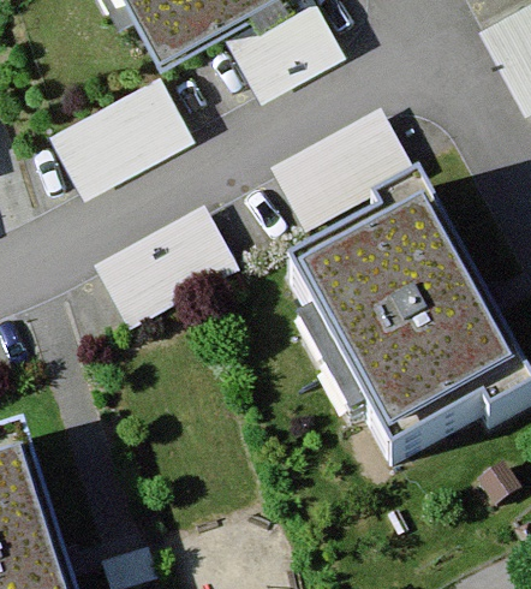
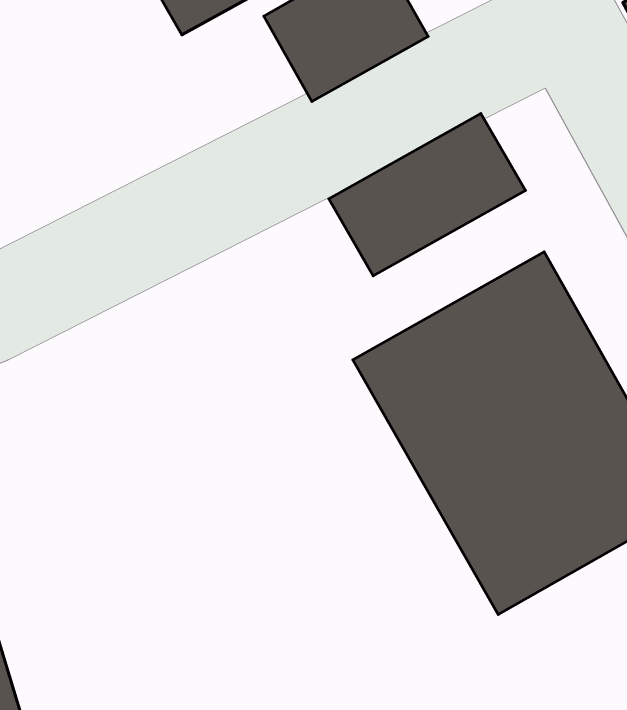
building: [50,77,193,196] -> none
building: [95,208,238,327] -> none

